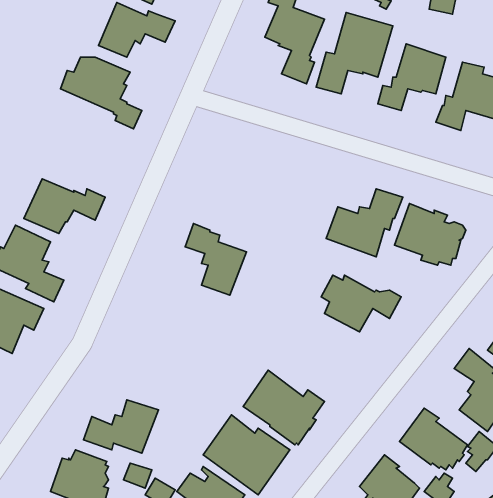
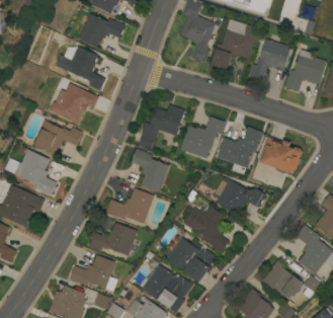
building: none -> [49,87,100,124]
building: none -> [140,104,185,149]
building: none -> [180,116,226,158]
building: none -> [106,188,154,223]
building: none -> [184,206,229,253]
building: none -> [89,222,138,255]

